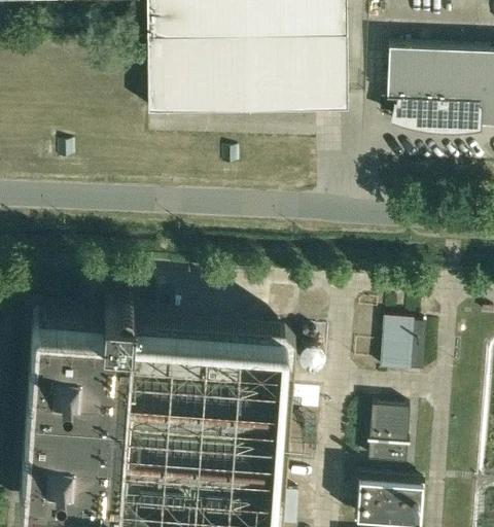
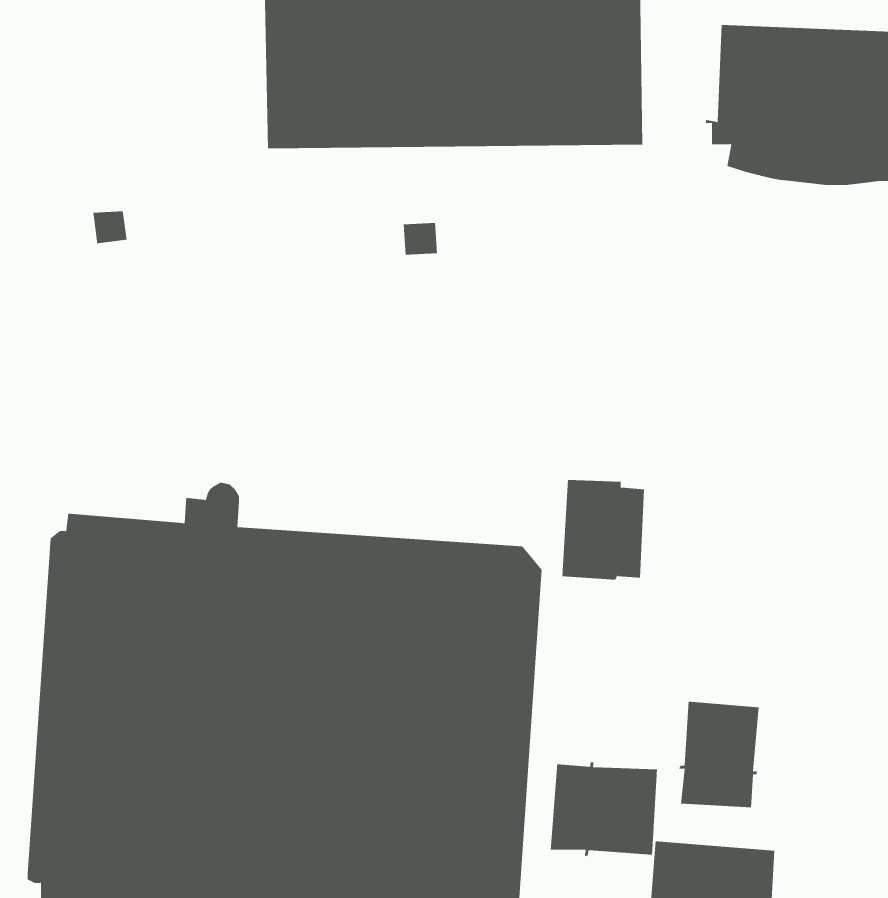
building: [381,320,425,374] -> [561,479,645,580]
building: none -> [550,761,658,857]

